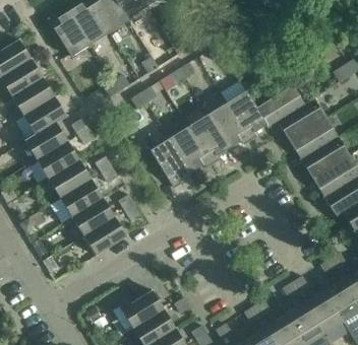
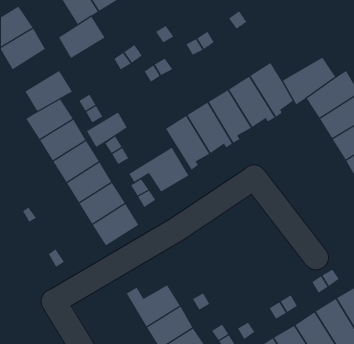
building: [12,78,55,117] -> [58,16,105,59]
building: none -> [86,111,127,148]
building: none -> [129,147,189,193]

